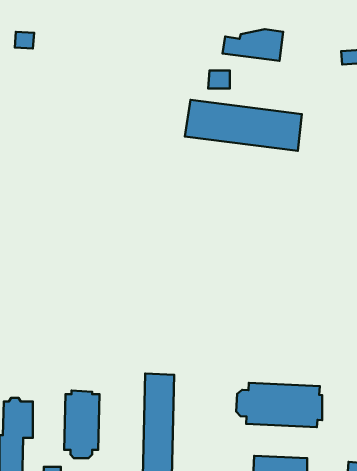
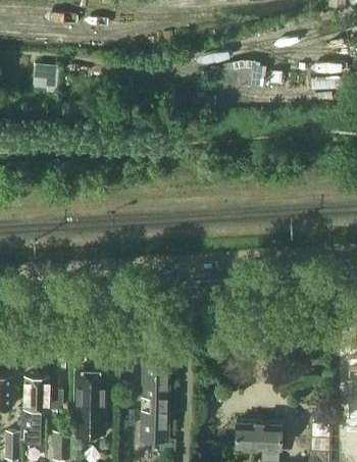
building: [185,100,302,151] -> none
building: [236,383,322,427] -> none

